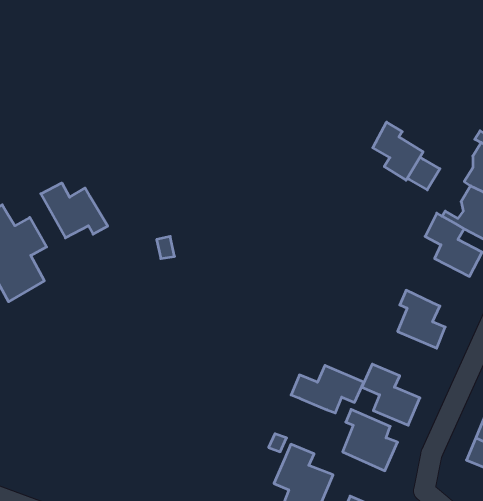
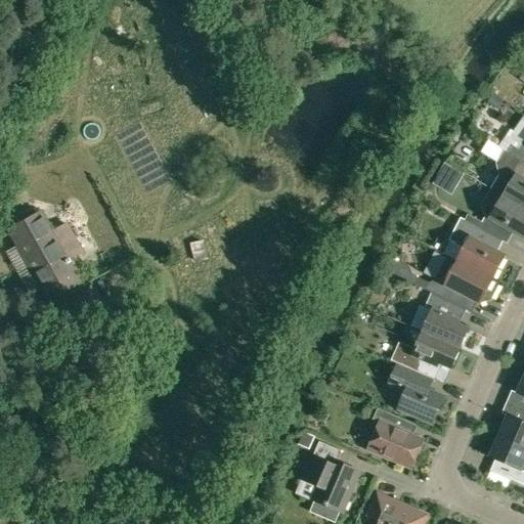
building: [373,122,423,180] -> none
building: [41,183,108,238] -> none
building: none -> [412,256,499,304]
building: [291,365,364,413] -> [390,332,461,378]

